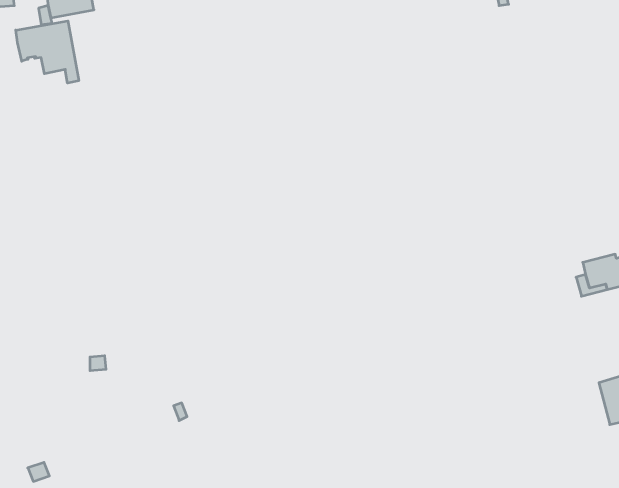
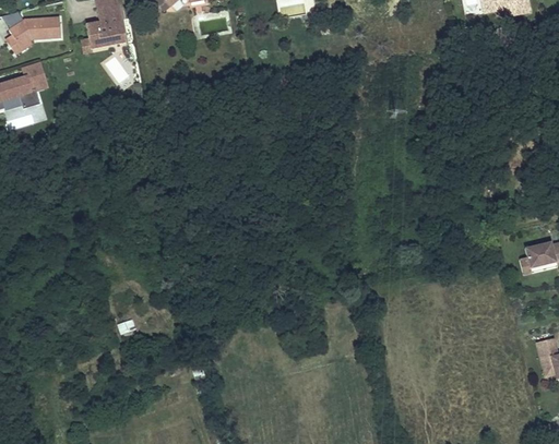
building: [16,21,79,83] -> none

